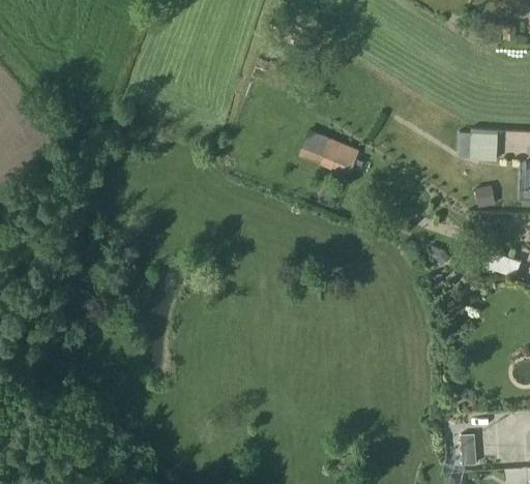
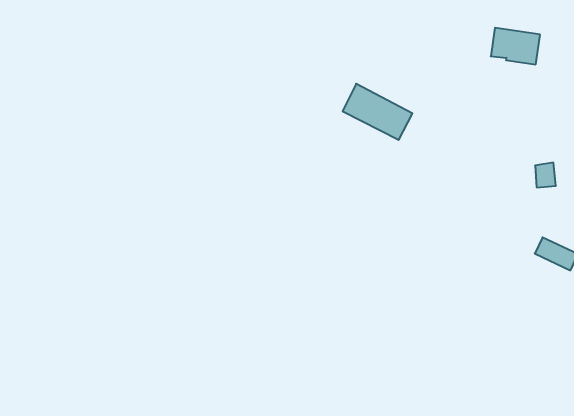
building: [455,131,496,159] -> [491,28,540,64]

